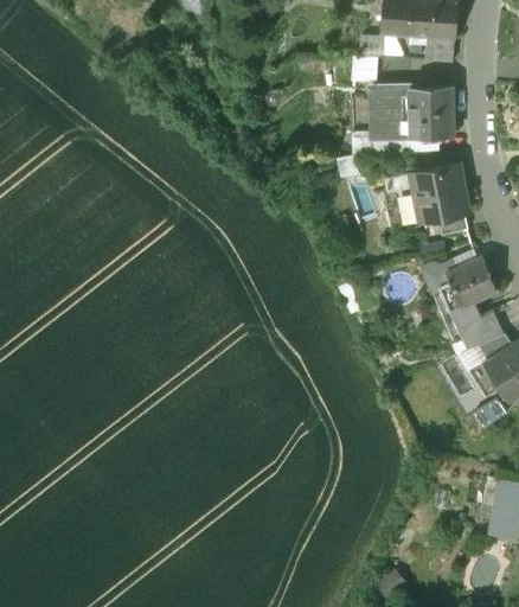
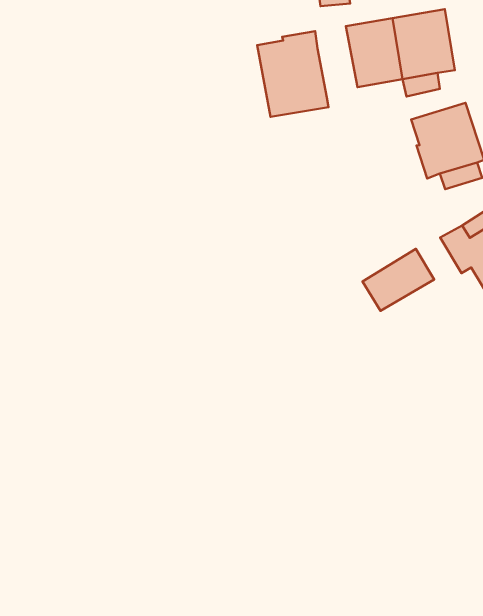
building: none -> [257,31,328,117]
building: none -> [363,249,434,311]

